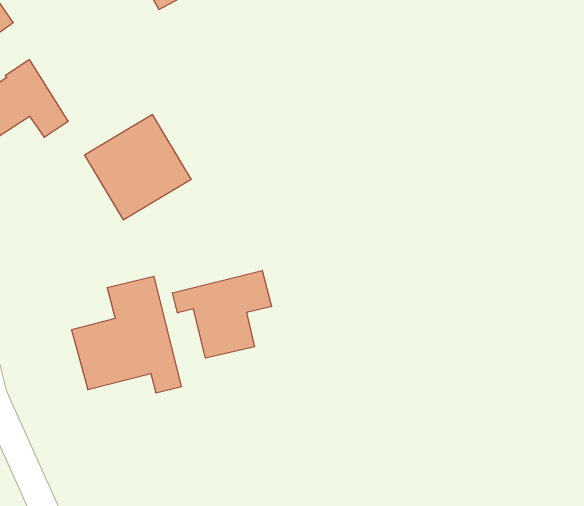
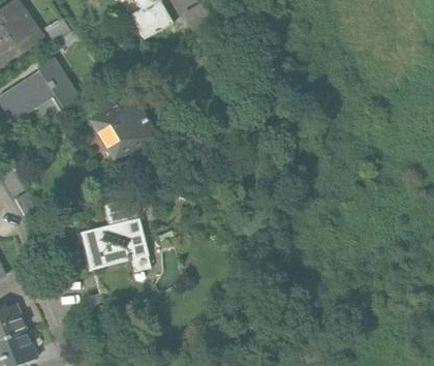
building: [173,270,272,358] -> none

